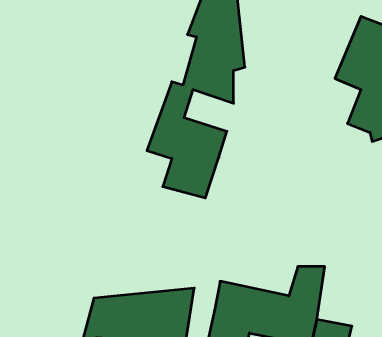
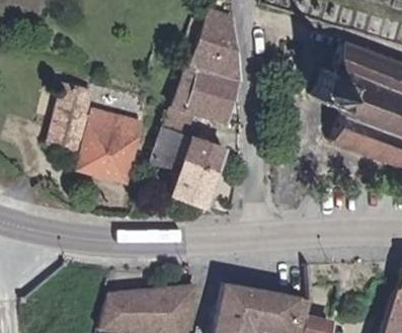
building: none -> [52,82,141,178]

